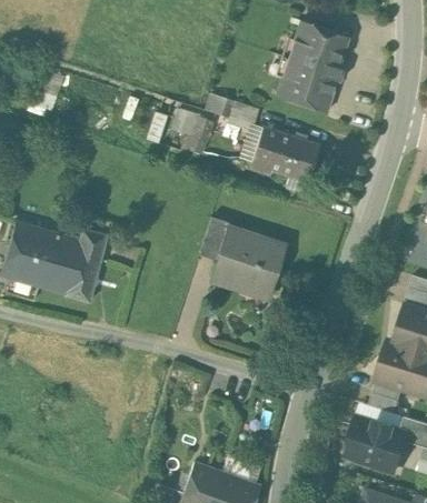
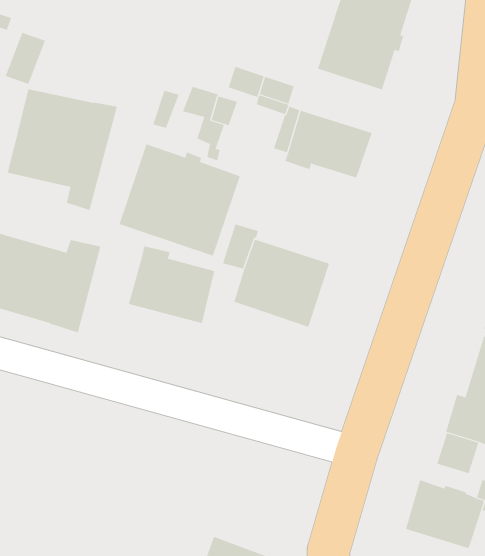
building: none -> [7,88,117,211]
building: none -> [119,144,241,257]
building: none -> [128,245,215,324]

